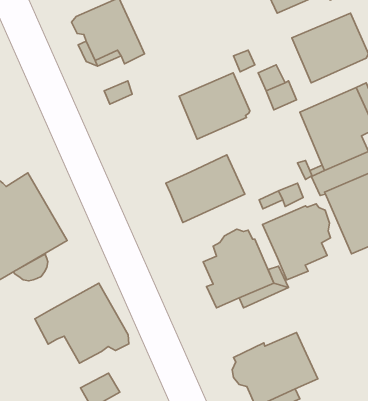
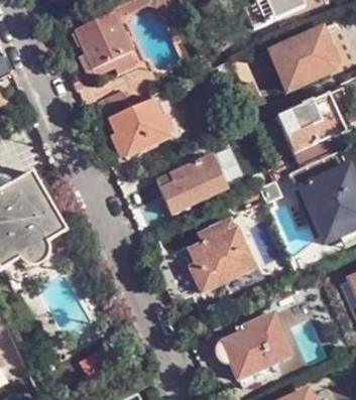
building: [179,73,250,139] -> [109,96,172,155]
building: [262,204,331,280] -> none
building: [35,283,129,363] -> none

